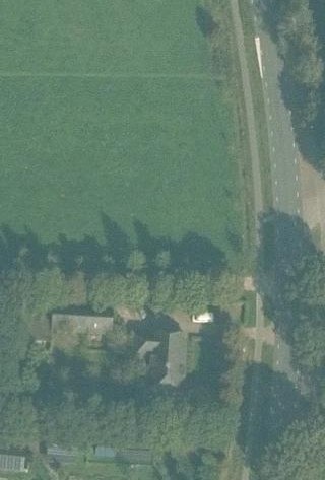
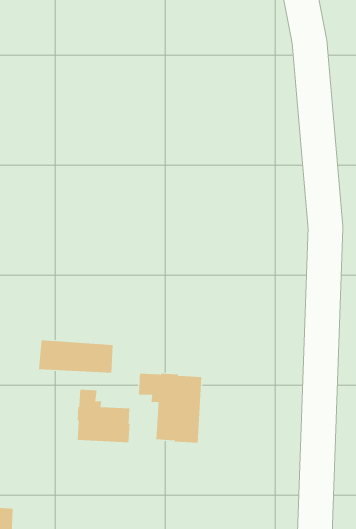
building: none -> [77,389,130,443]

